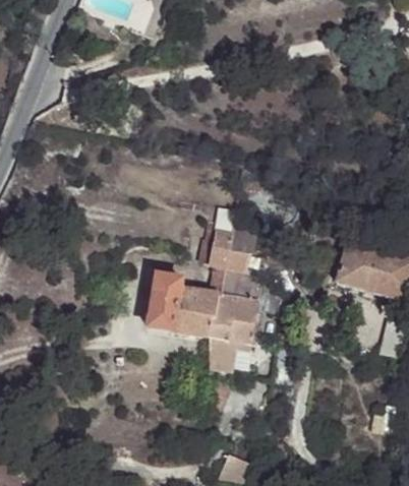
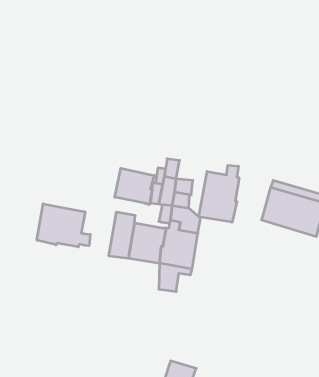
building: none -> [199,165,239,222]
building: none -> [115,168,154,205]
building: none -> [37,204,90,247]

